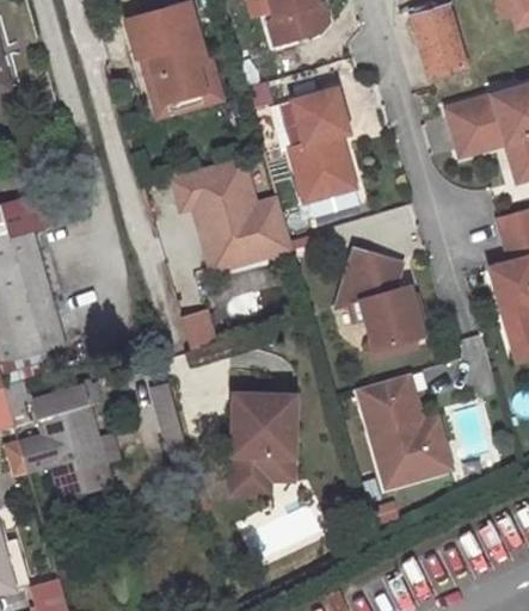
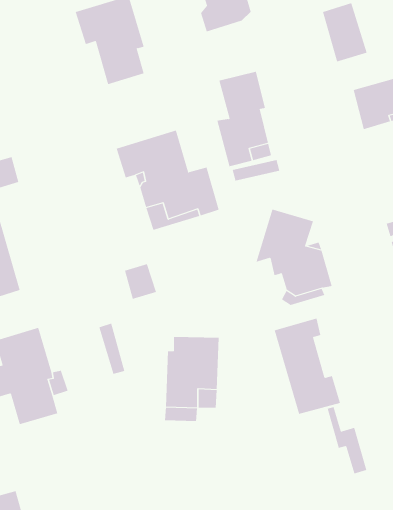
building: [142,54,223,117] -> none
building: [404,395,450,474] -> [327,406,367,474]

